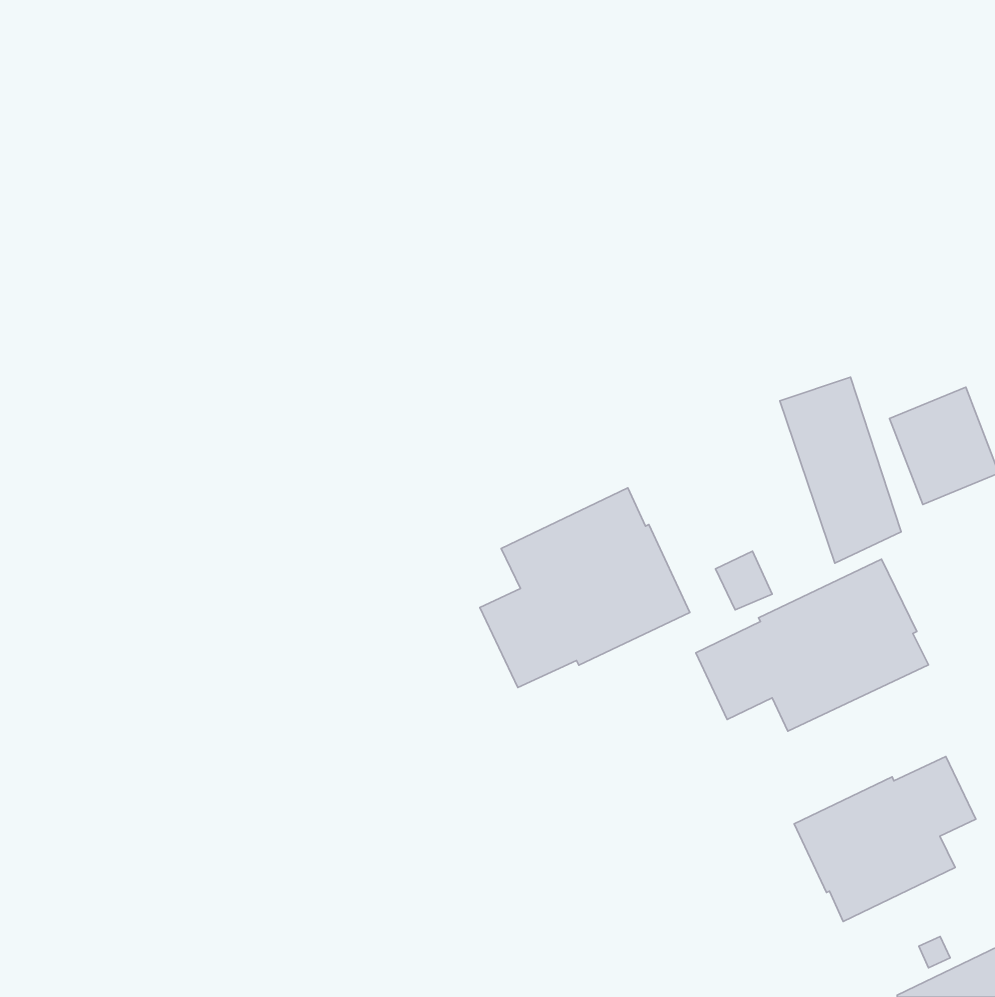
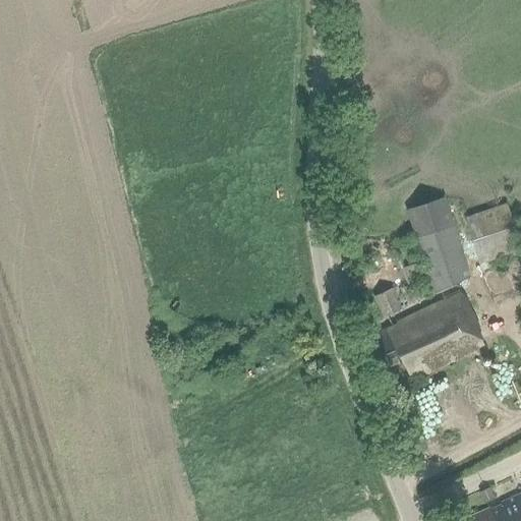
building: [480,488,690,687] -> none
building: [794,757,976,921] -> none

